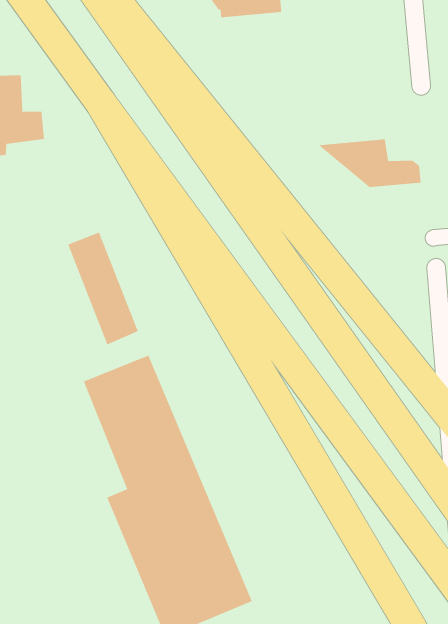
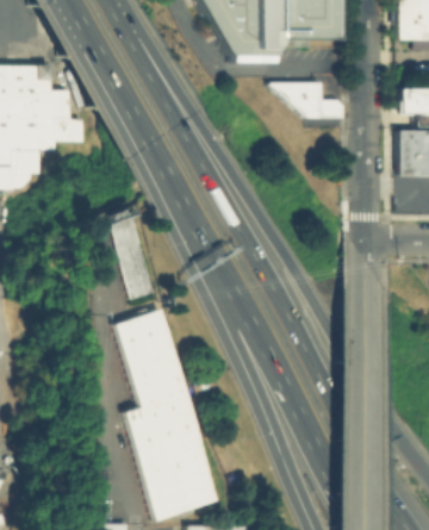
building: [317,139,421,188] -> [272,80,347,116]

